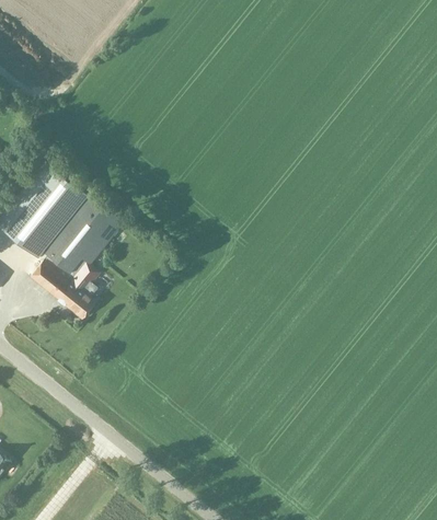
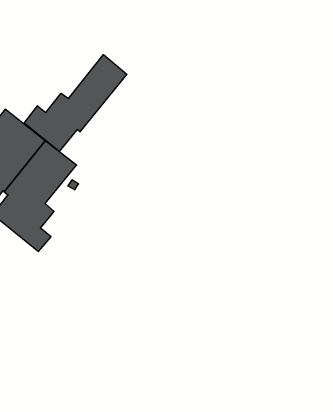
building: none -> [24,55,127,152]

